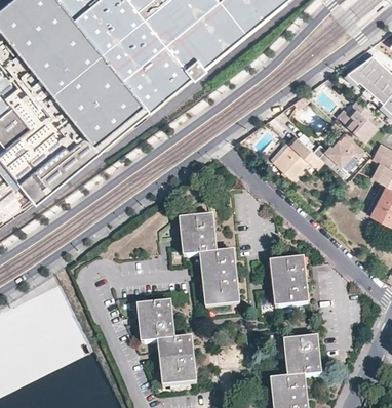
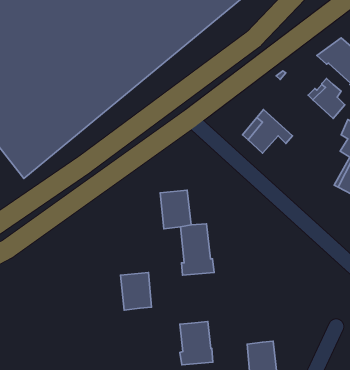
building: [322,131,364,165] -> none
building: [271,258,306,308] -> none
building: [286,337,318,377] -> none
building: [159,338,194,384] -> [180,321,213,365]

